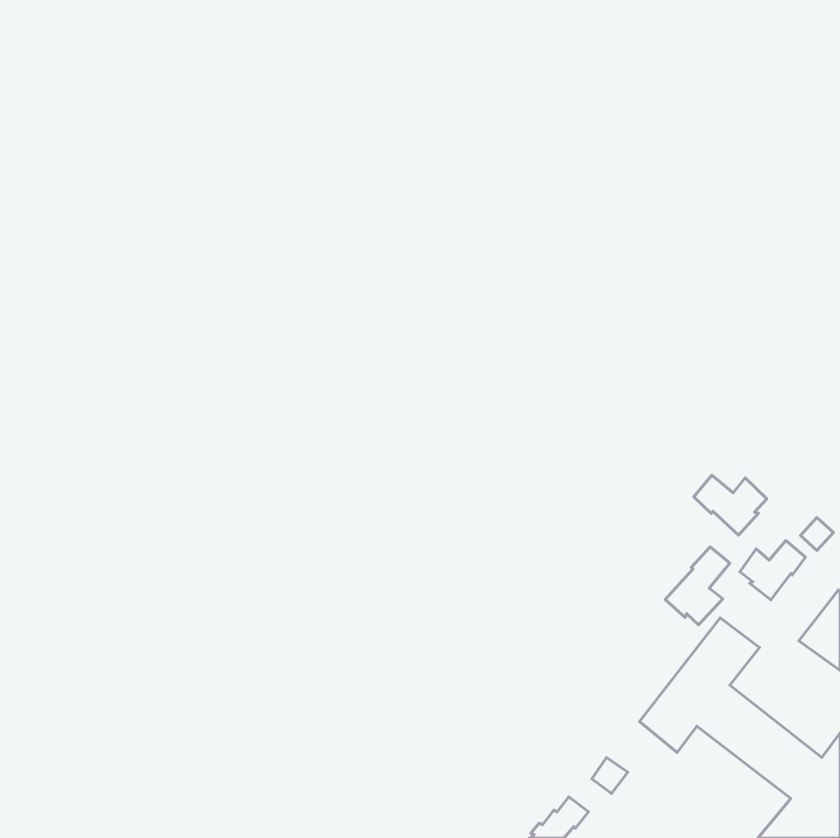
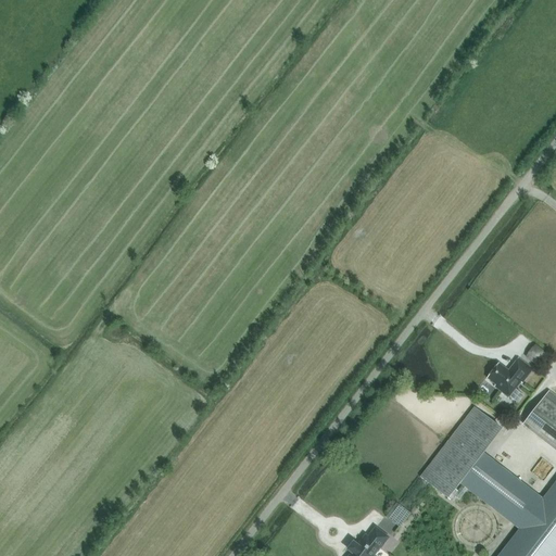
building: [694,475,767,535] -> none
building: [665,547,730,625] -> none

